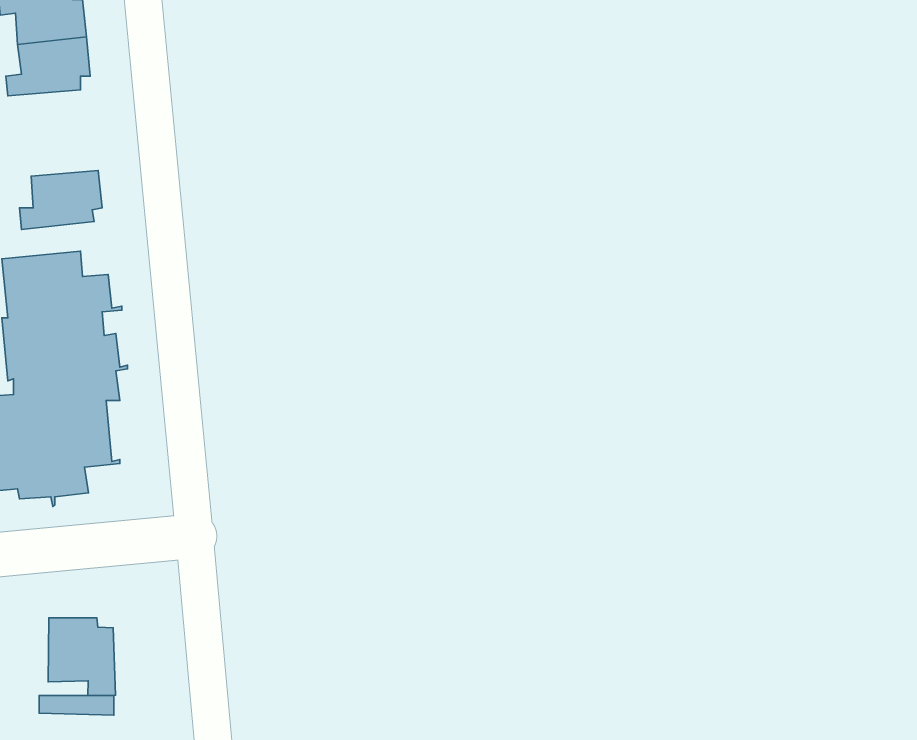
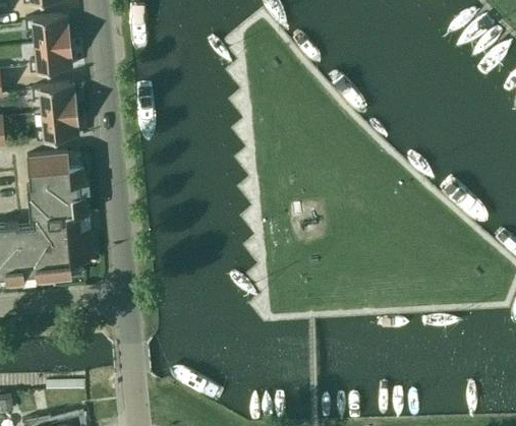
building: none -> [32,84,76,113]
building: [48,618,115,695] -> none

